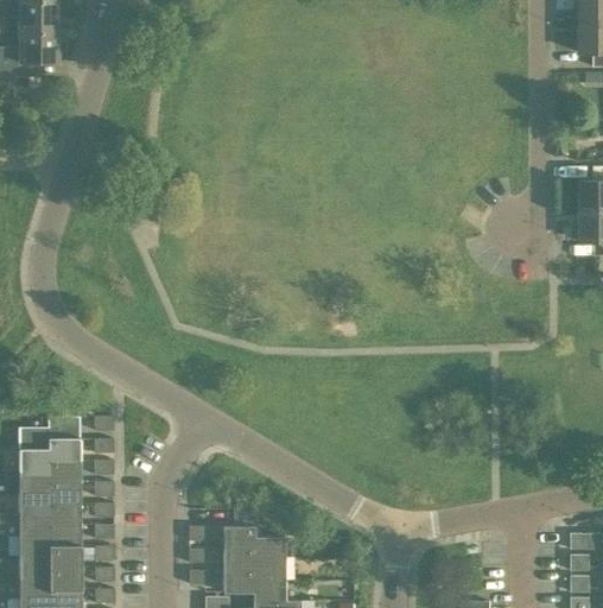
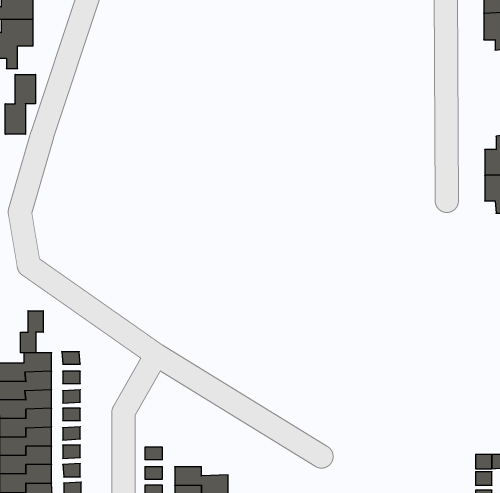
building: none -> [5,74,35,134]
building: none -> [21,311,43,353]
building: [223,527,285,560] -> none

